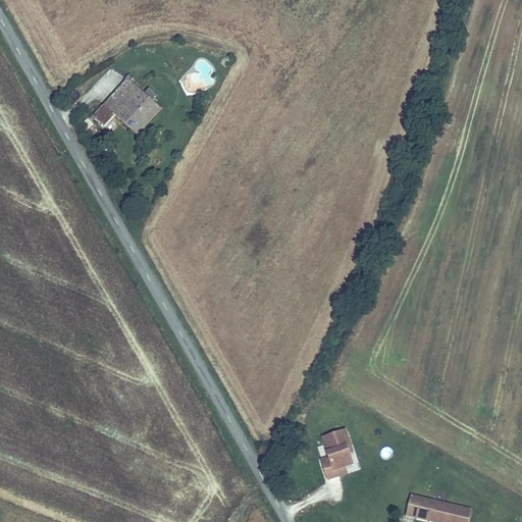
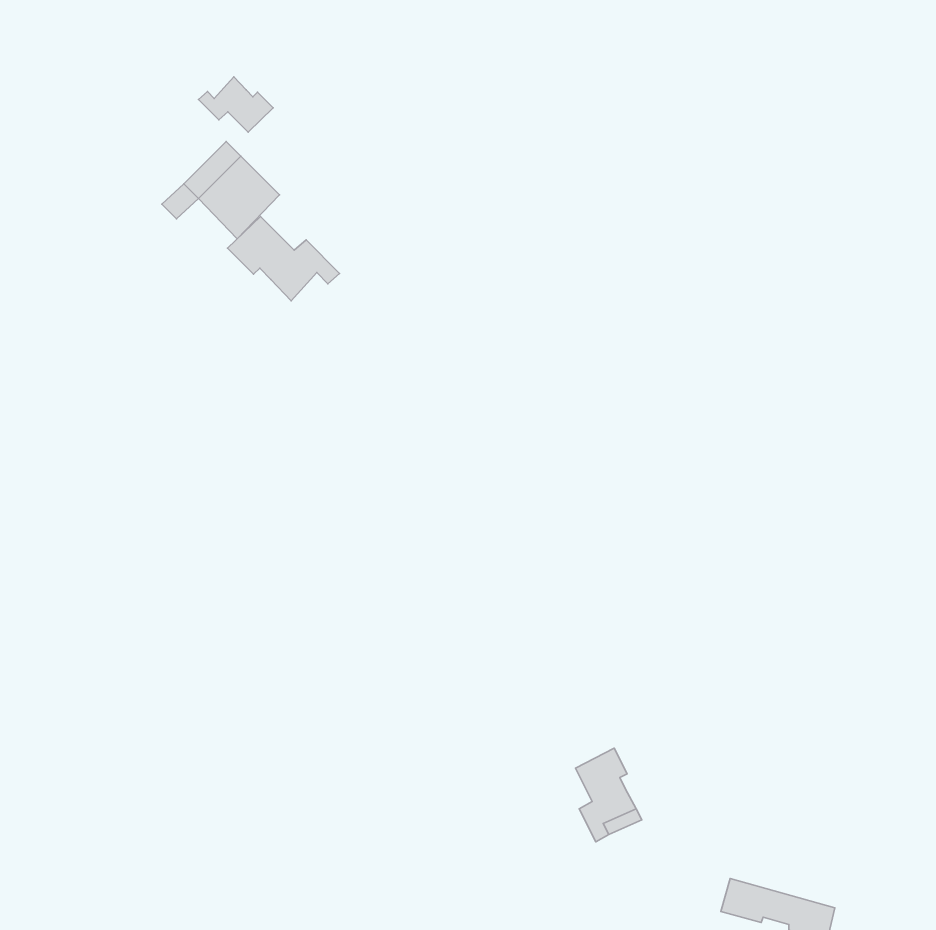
building: none -> [199,77,273,132]
building: none -> [228,217,340,301]

